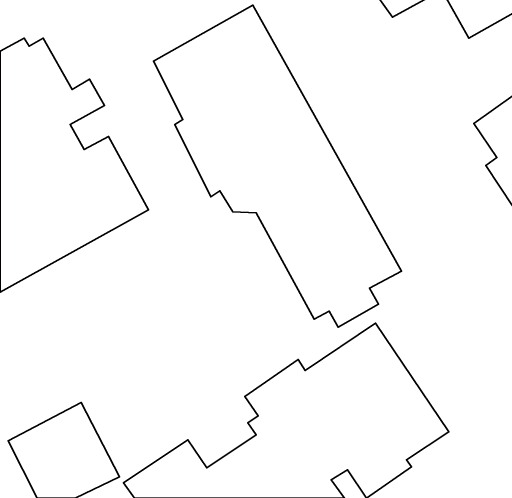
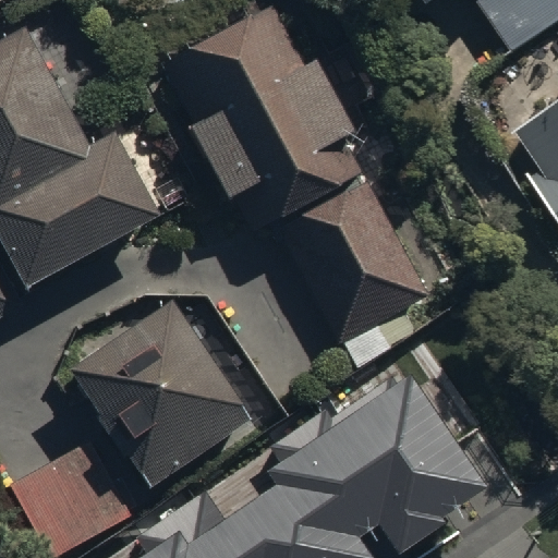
building: none -> [70,312,252,497]

